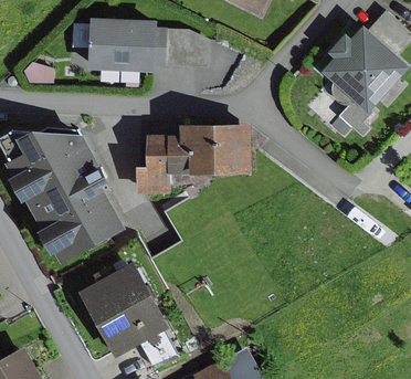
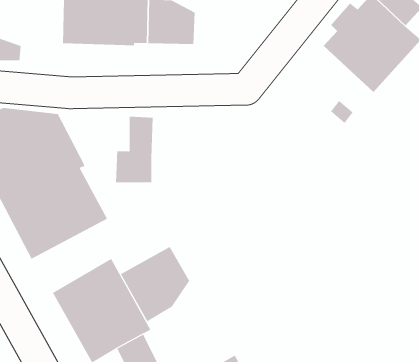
building: [168,122,250,172] -> none
building: none -> [120,246,190,322]

